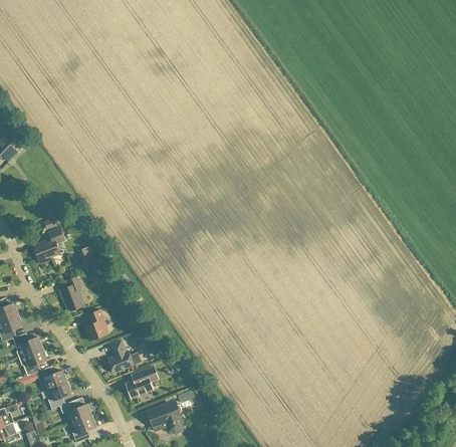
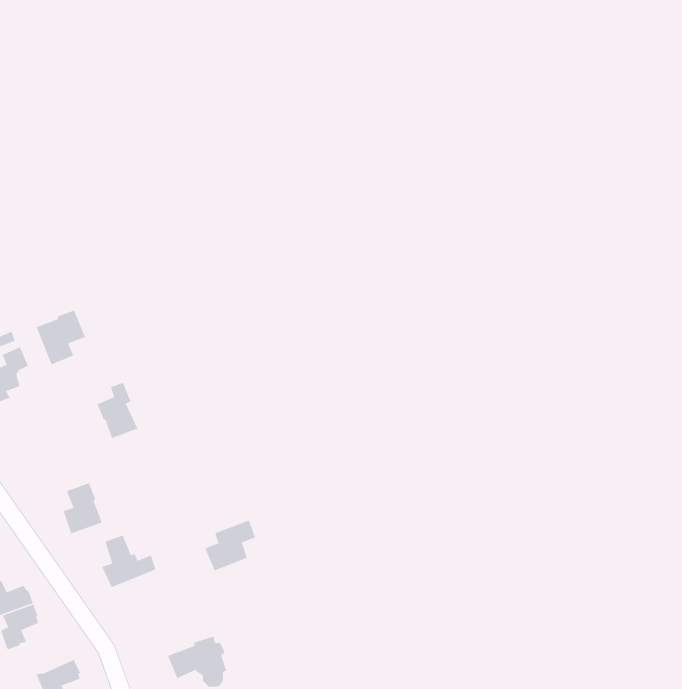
building: none -> [35,309,86,365]
building: [59,276,84,310] -> [97,382,139,439]
building: [126,366,157,397] -> [204,519,256,572]
building: [59,400,91,422] -> none

